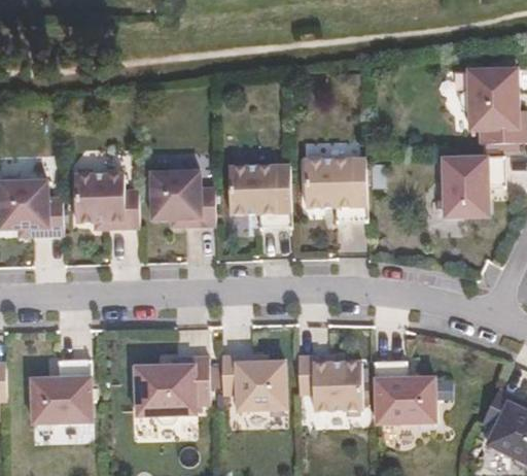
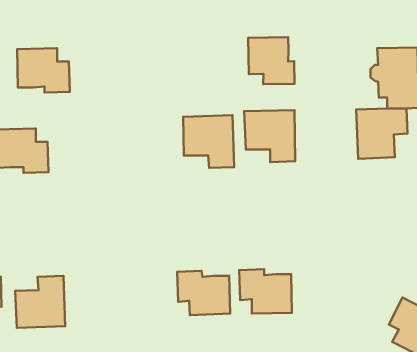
building: none -> [248,37,294,84]
building: [74,172,139,227] -> [17,48,70,93]
building: [150,172,215,228] -> none
building: [134,355,209,423] -> none
building: [374,355,435,418] -> none

